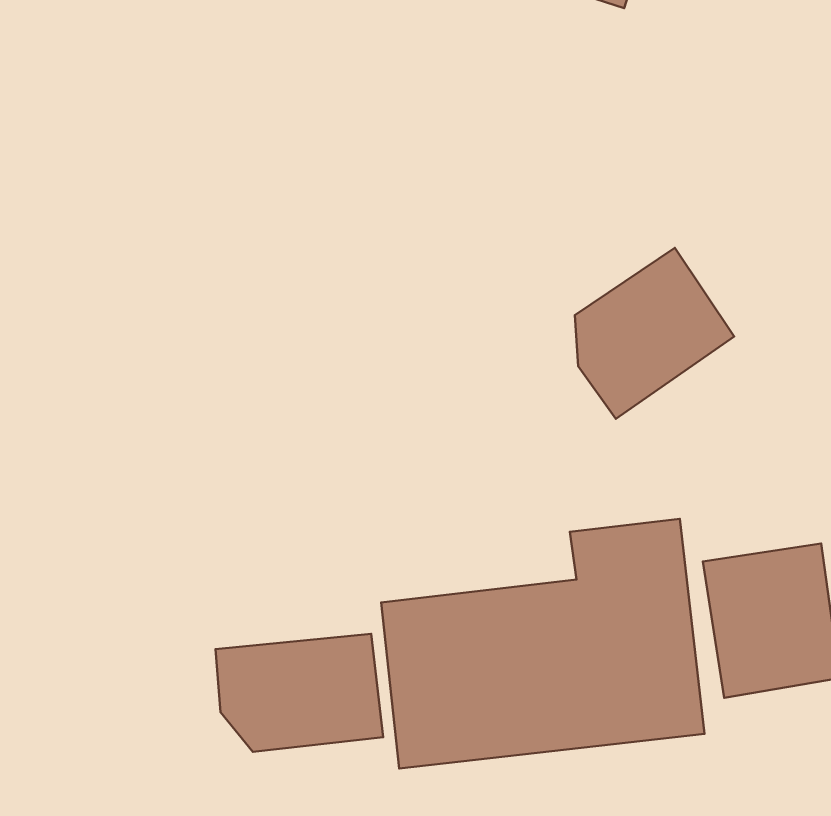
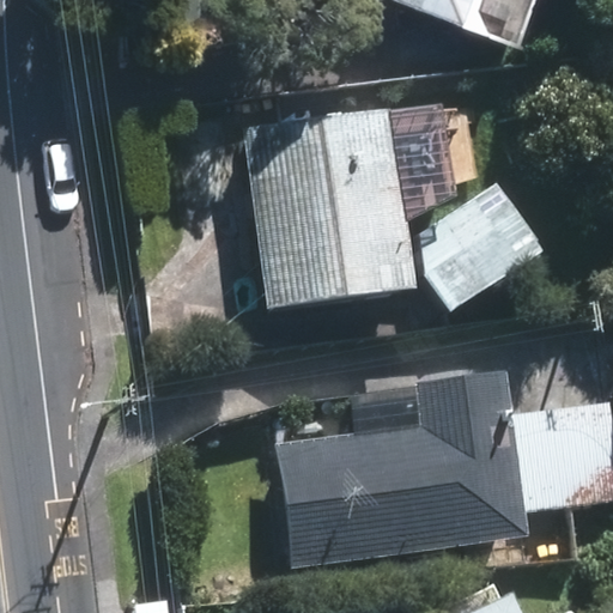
building: none -> [253,121,401,308]
building: [215,634,383,752] -> none

